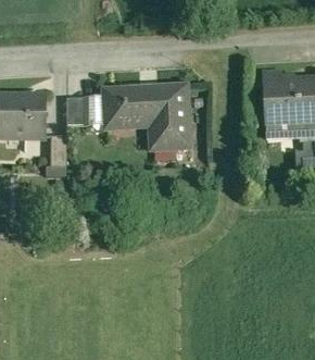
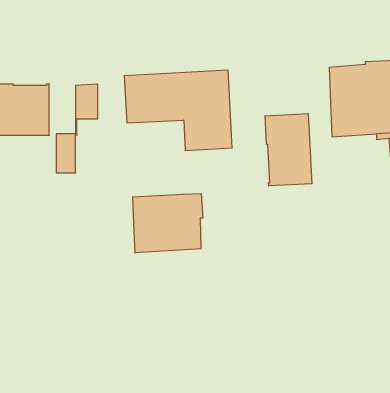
building: none -> [265,114,312,186]
building: none -> [133,194,203,253]

